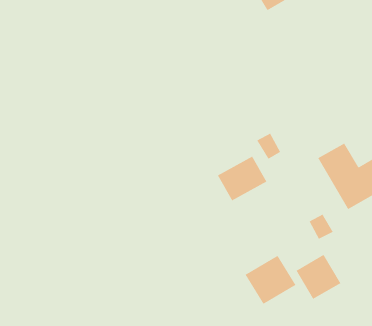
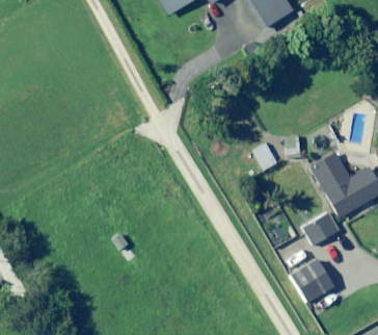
building: [217,155,268,202] -> none
building: [245,255,296,305] -> none

